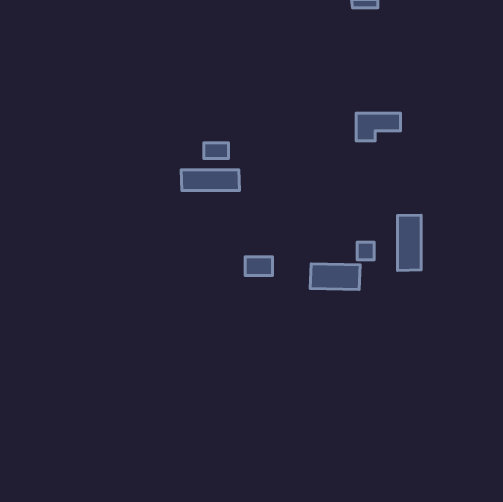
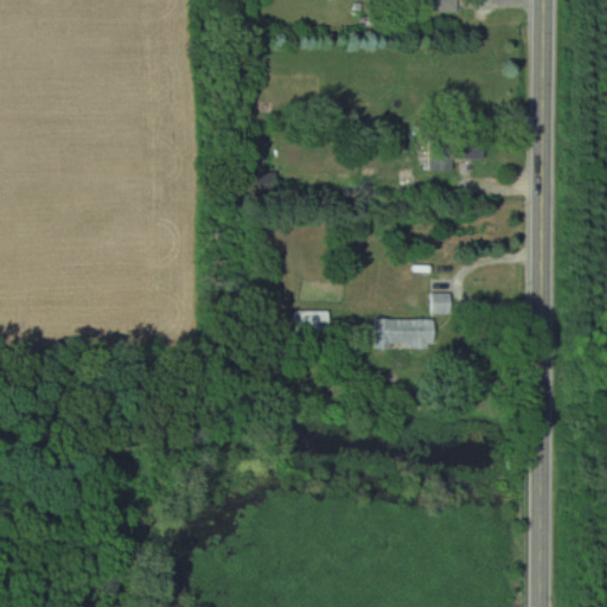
building: [181,170,240,191] -> none
building: [397,215,421,270] -> none

